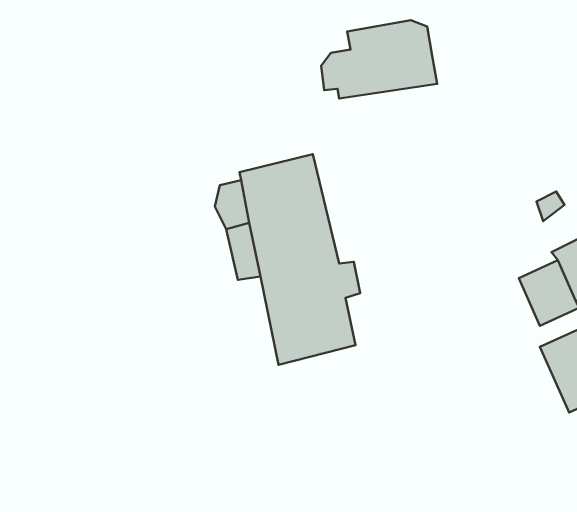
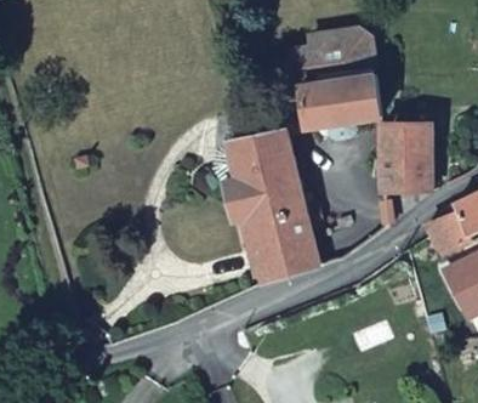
building: none -> [298,73,379,136]
building: none -> [376,125,436,189]

